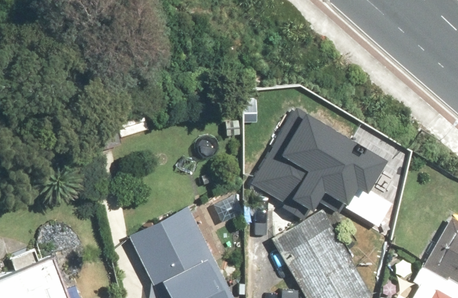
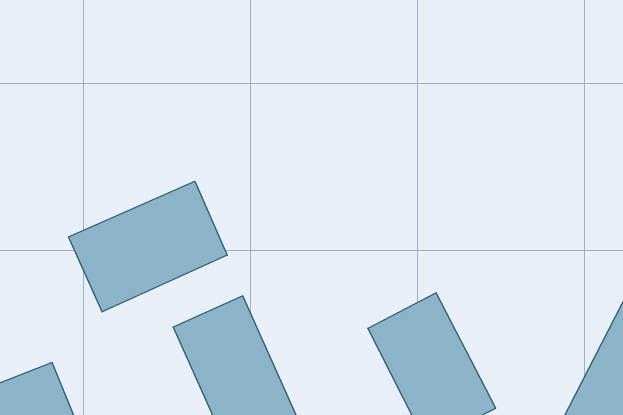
building: [255,101,385,206] -> none
building: none -> [68,181,227,312]

